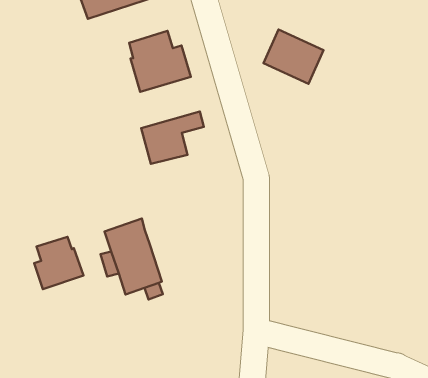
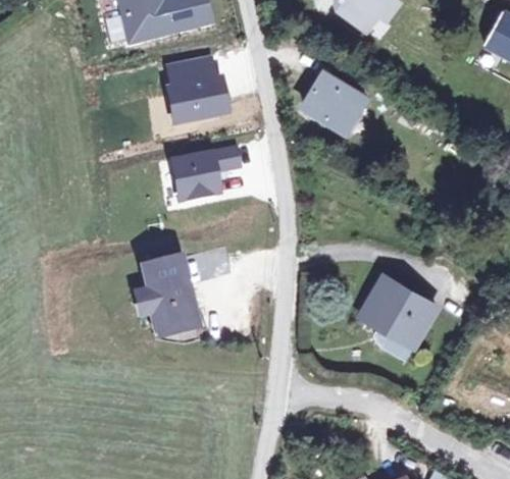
building: none -> [359,275,432,343]
building: [34,237,83,289] -> none

